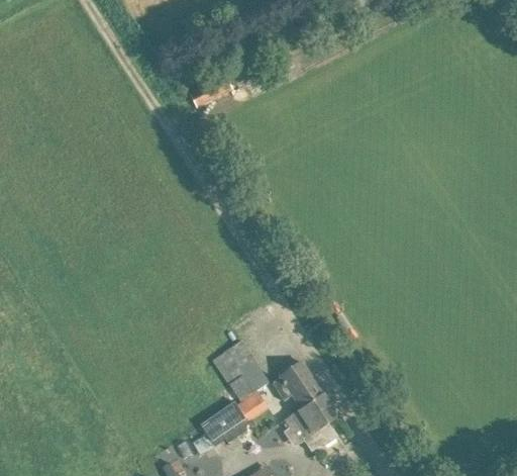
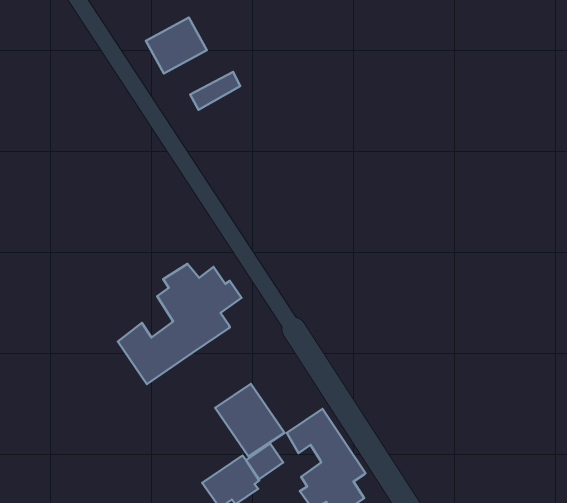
building: none -> [146,17,207,73]
building: none -> [118,264,241,384]

